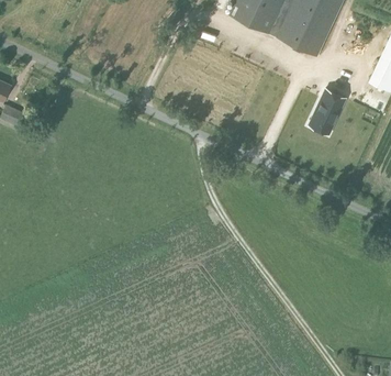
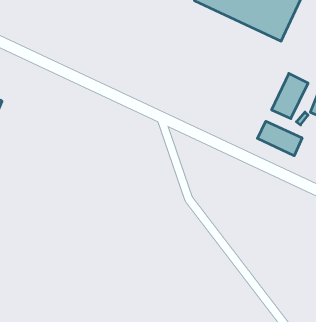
building: none -> [257,121,302,156]

